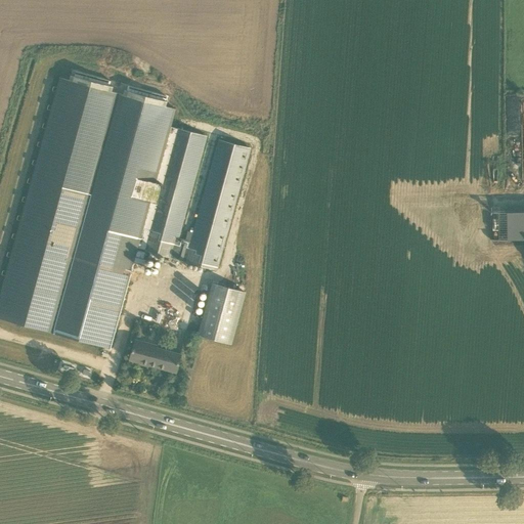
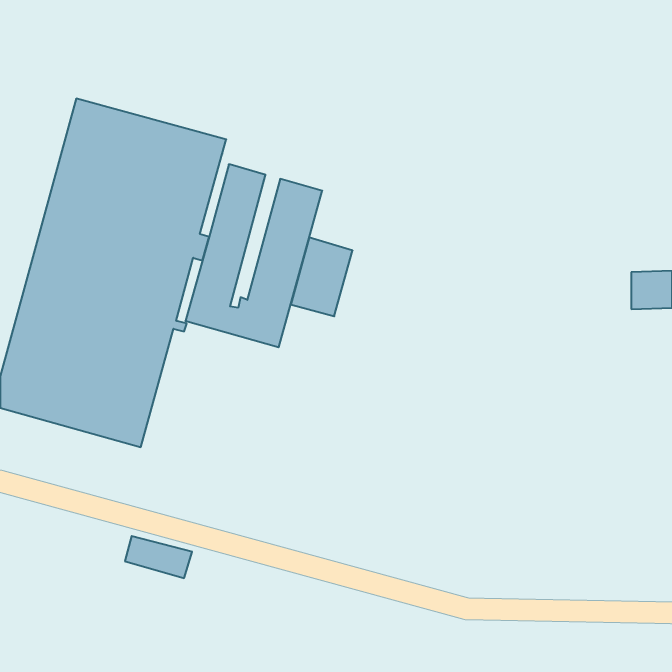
building: [198,282,246,344] -> [291,237,353,316]
building: [130,340,182,373] -> [125,536,192,578]

